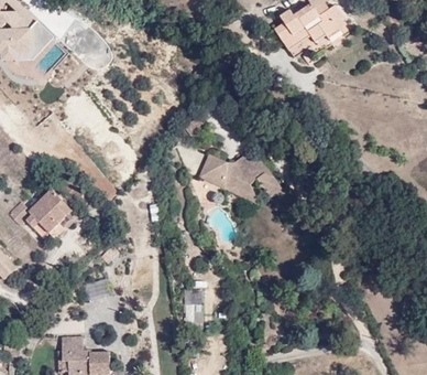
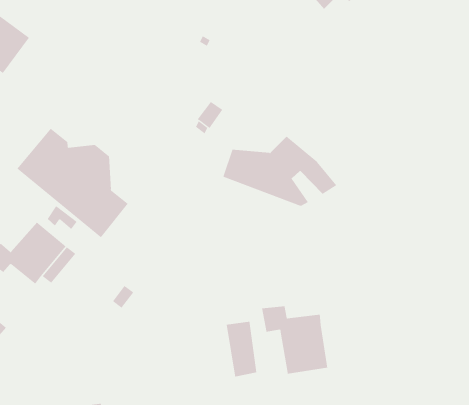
building: none -> [16,128,129,238]
building: none -> [262,306,328,374]

